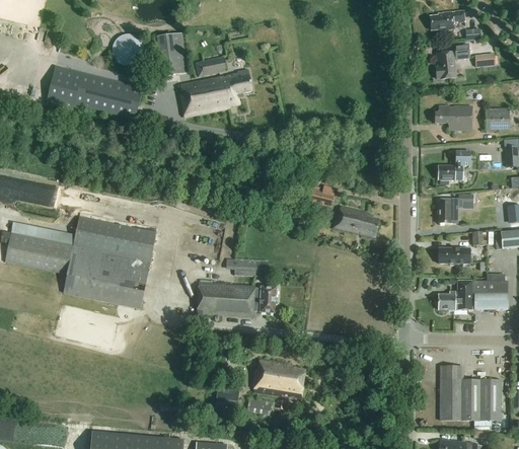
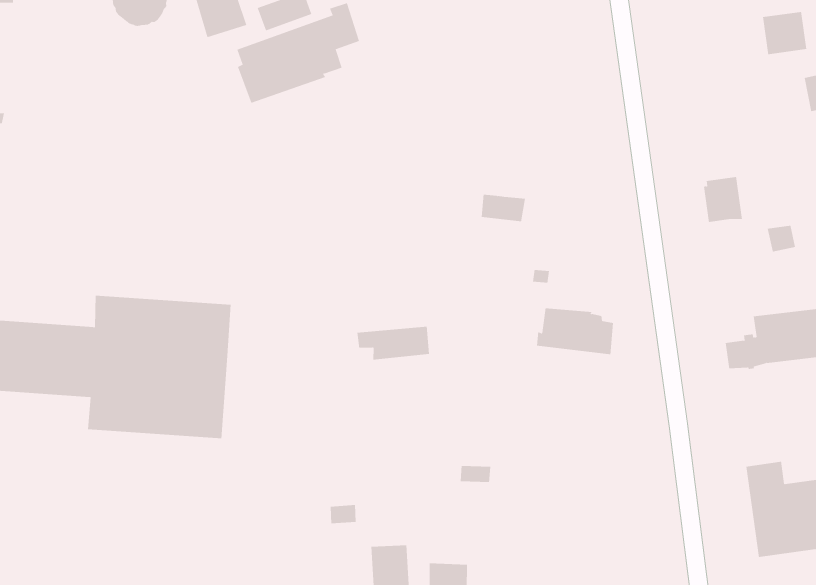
building: [45,67,141,118] -> none
building: [435,104,471,130] -> none
building: [438,150,470,183] -> none
building: [332,205,379,237] -> [536,308,614,355]
building: [438,246,470,263] -> none
building: [196,278,276,317] -> none
building: [252,358,305,397] -> none

